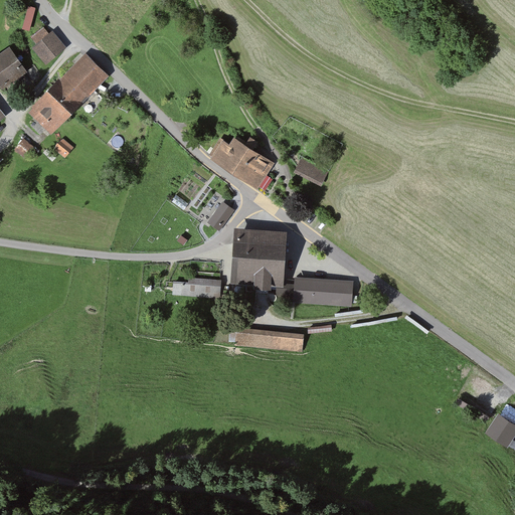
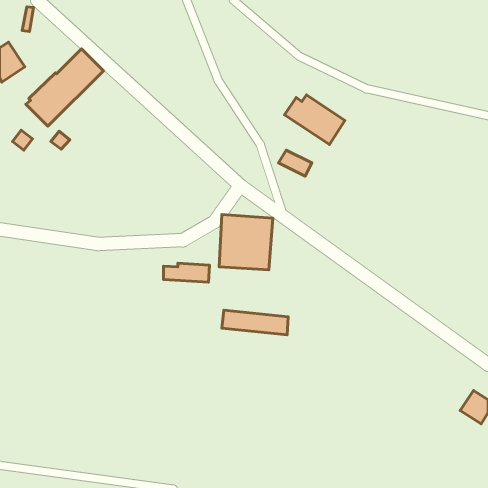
building: [31,30,65,63] -> none
building: [210,136,274,188] -> [285,95,345,145]
building: [206,201,234,231] -> none
building: [292,276,353,307] -> none

